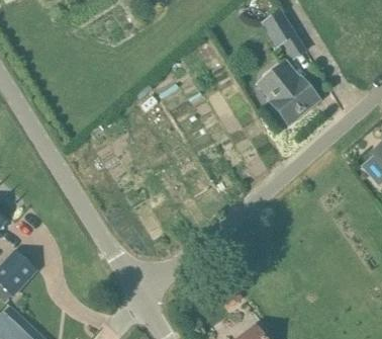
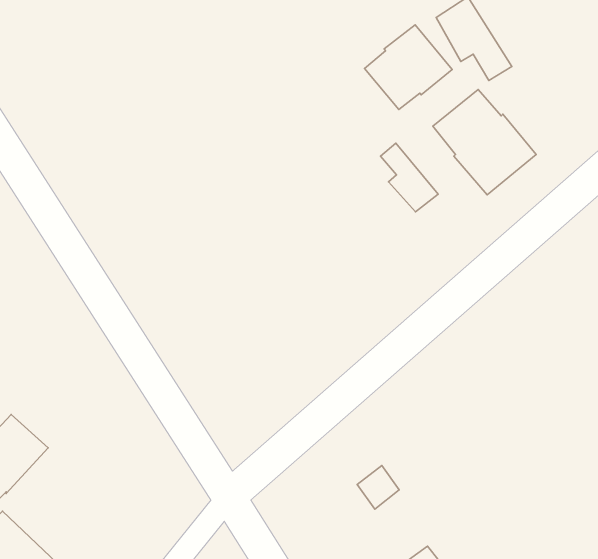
building: none -> [364,25,452,110]
building: none -> [380,143,438,212]

